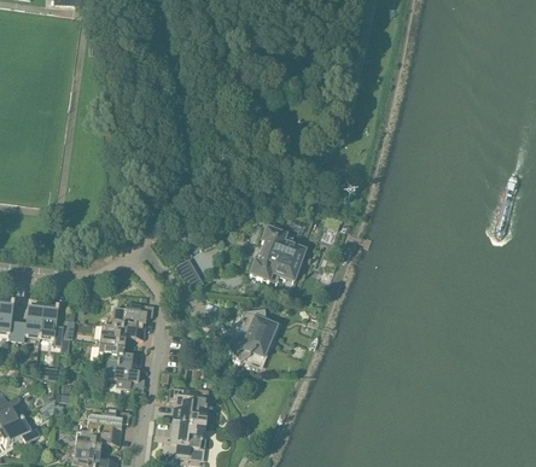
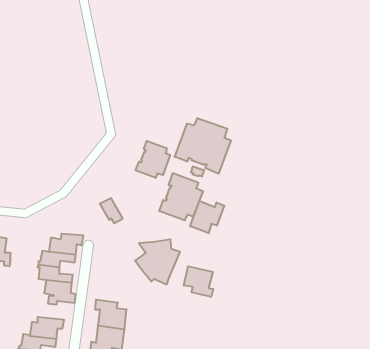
building: none -> [175,118,231,174]
building: none -> [136,141,170,178]
building: none -> [190,201,224,233]
building: none -> [184,266,213,297]

